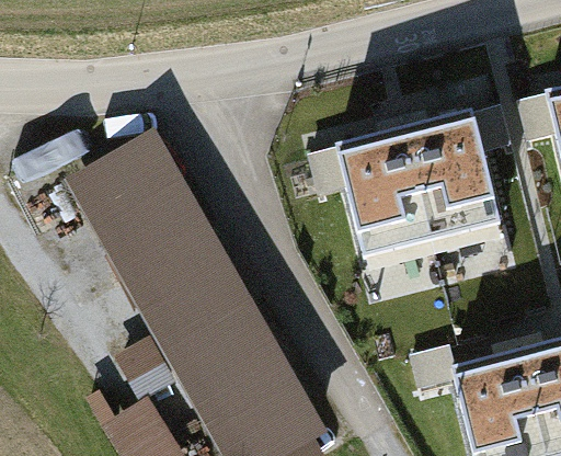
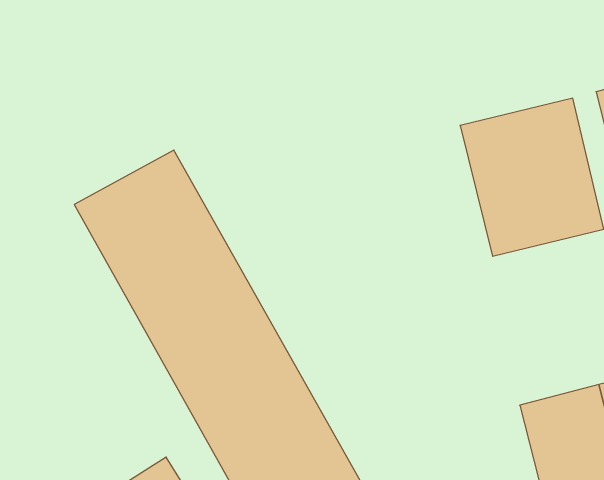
building: [310,127,432,261] -> none

